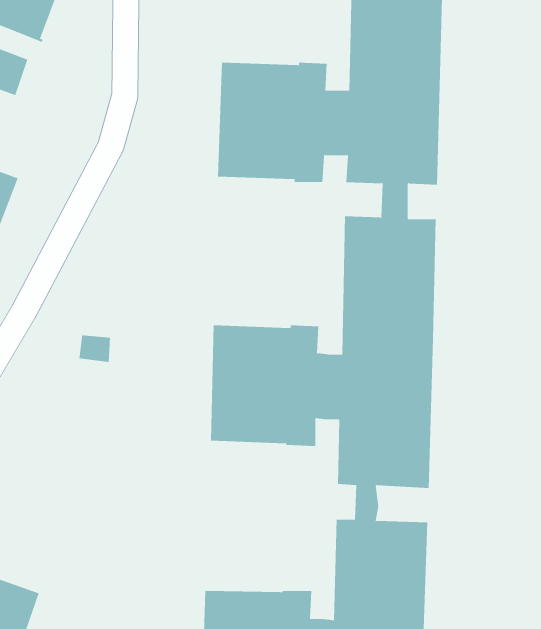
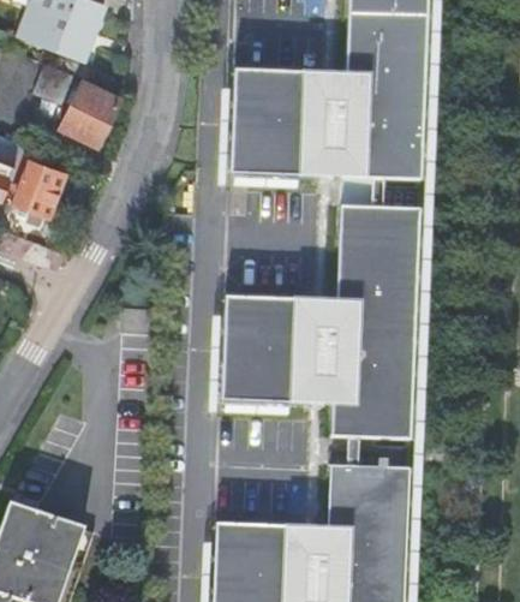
building: none -> [66,81,118,144]

